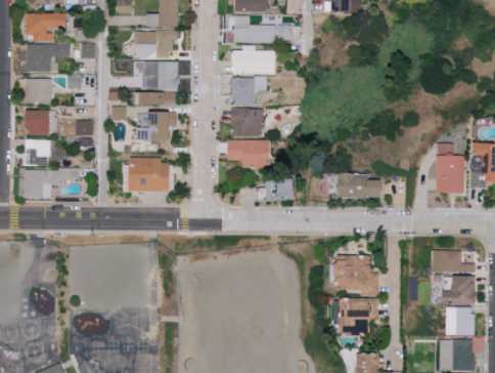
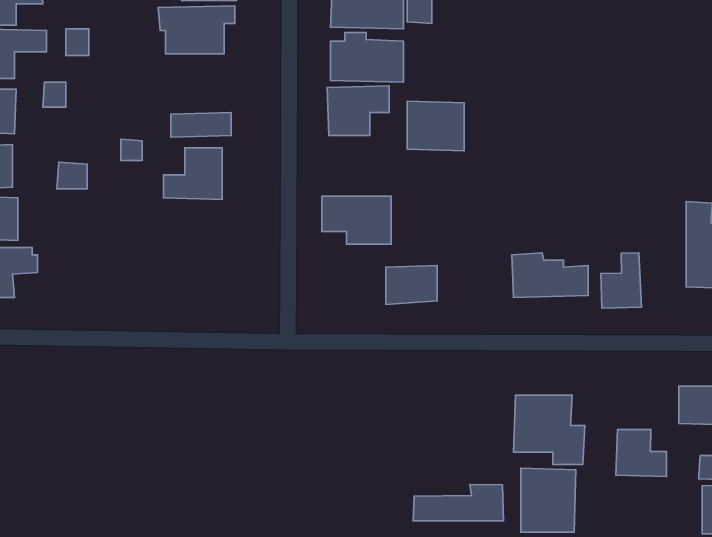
building: [134,60,178,89] -> none
building: [230,108,263,136] -> [407,101,464,151]
building: [125,157,171,192] -> none
building: none -> [601,253,642,308]
building: none -> [616,430,667,477]
building: none -> [413,484,503,521]

